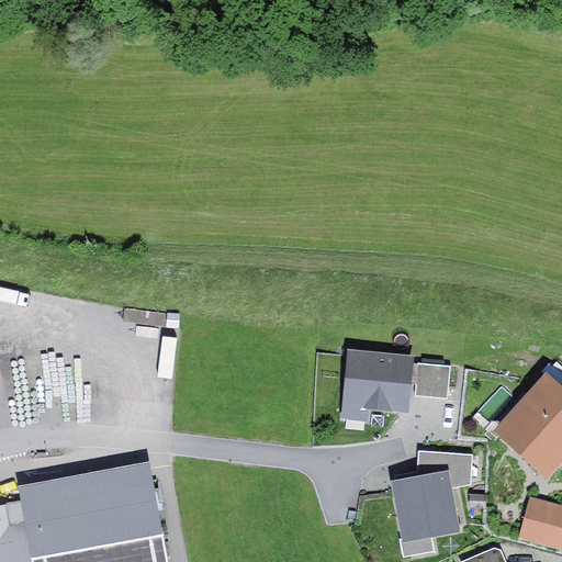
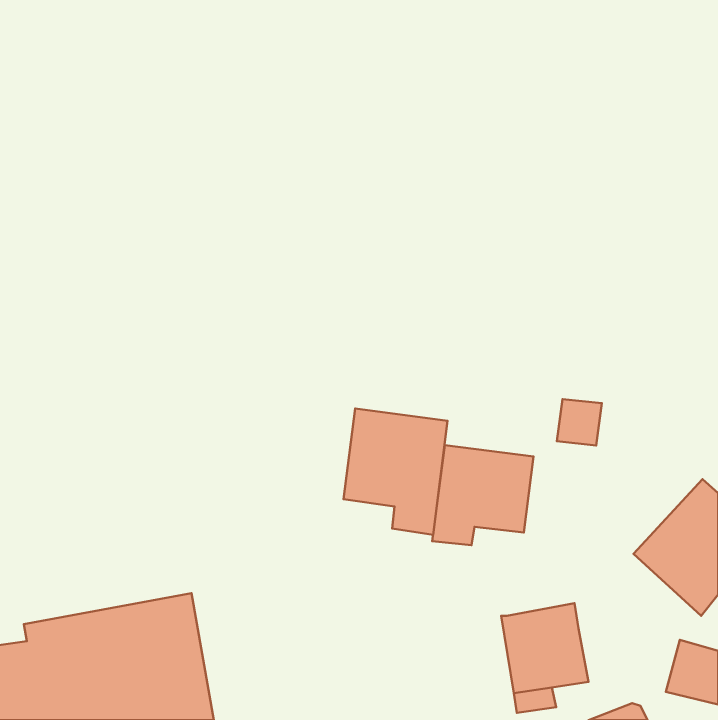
building: none -> [343,409,448,535]
building: [415,363,450,400] -> [557,399,602,446]
building: [394,450,473,490] -> none

